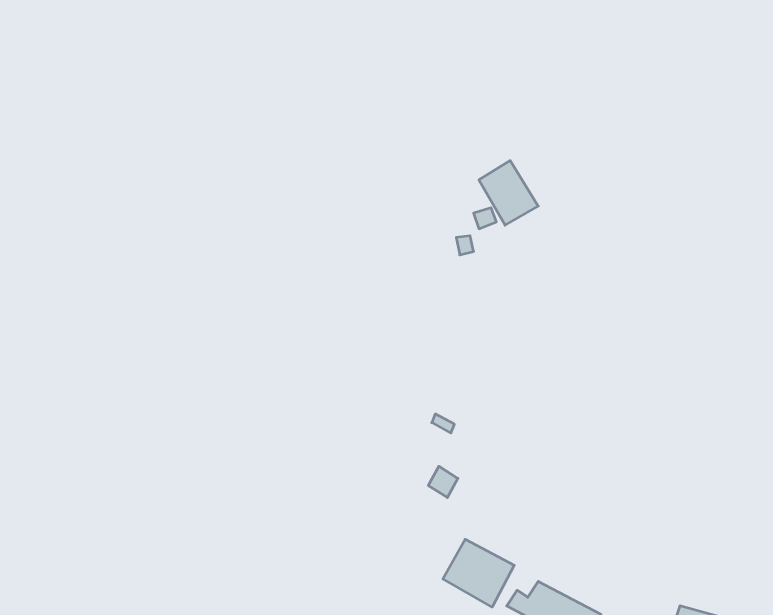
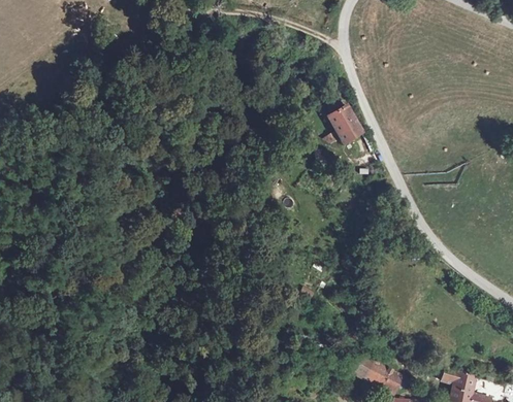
building: [443,539,514,607] -> none

